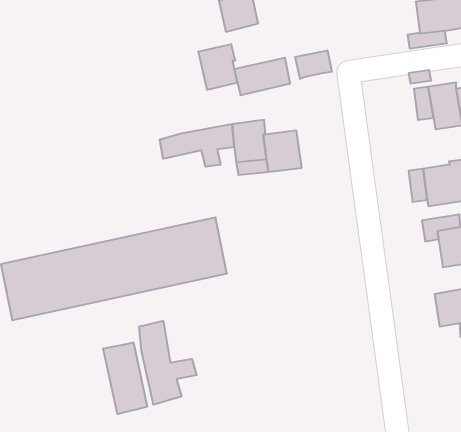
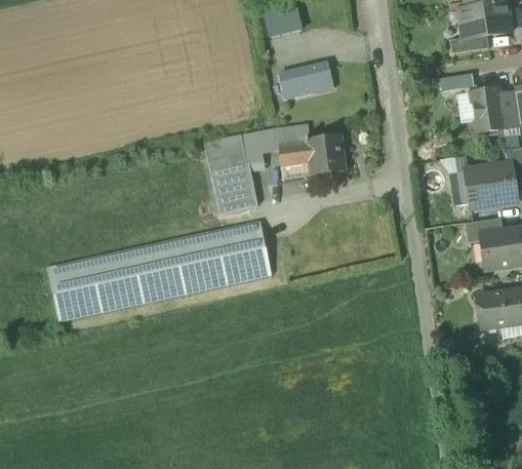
building: [198,44,237,90] -> none
building: [295,50,332,79] -> none
building: none -> [209,153,258,218]
building: [139,321,197,405] -> none
building: [103,342,147,414] -> none

